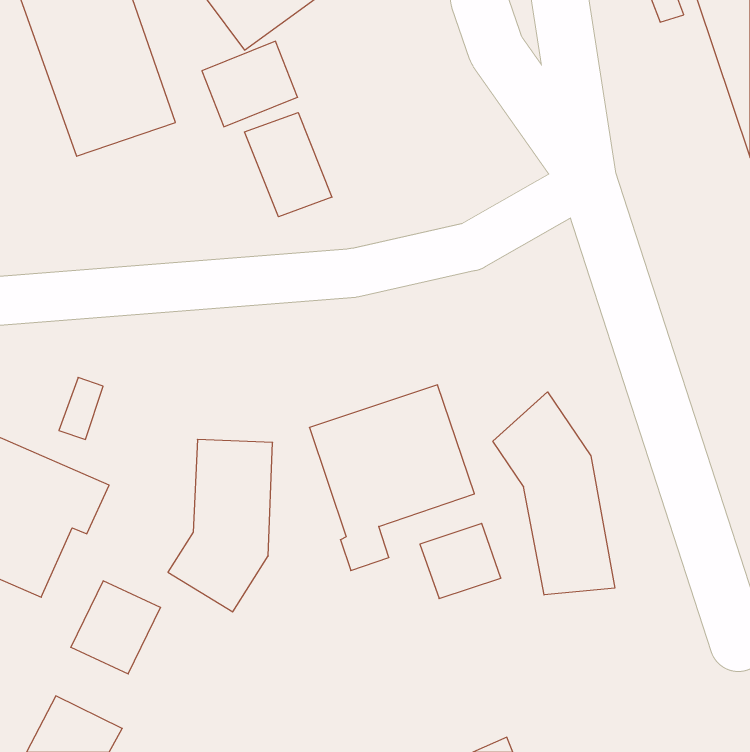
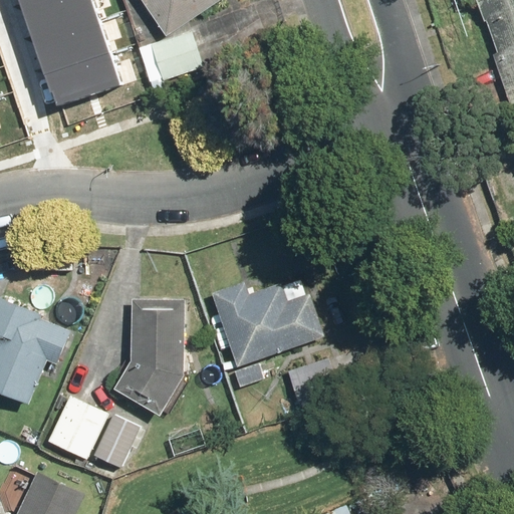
building: [245,113,332,217] -> none
building: [493,392,615,595] -> none
building: none -> [92,412,141,468]

